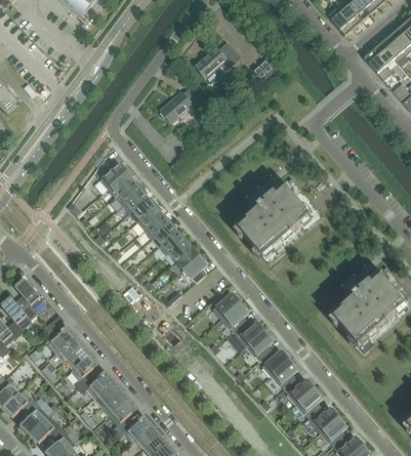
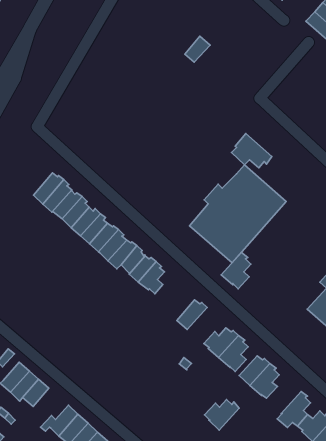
building: [195,46,233,83] -> none
building: [159,84,200,122] -> none
building: none -> [231,134,272,168]
building: [220,300,248,332] -> [221,253,251,289]
building: [71,354,97,387] -> none
building: [283,377,315,404] -> [205,399,239,430]

